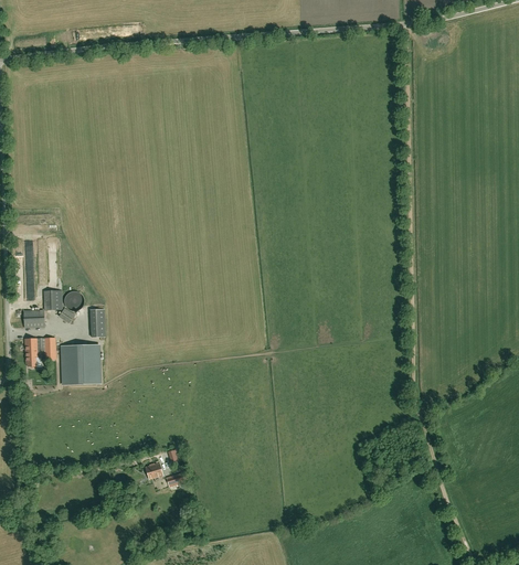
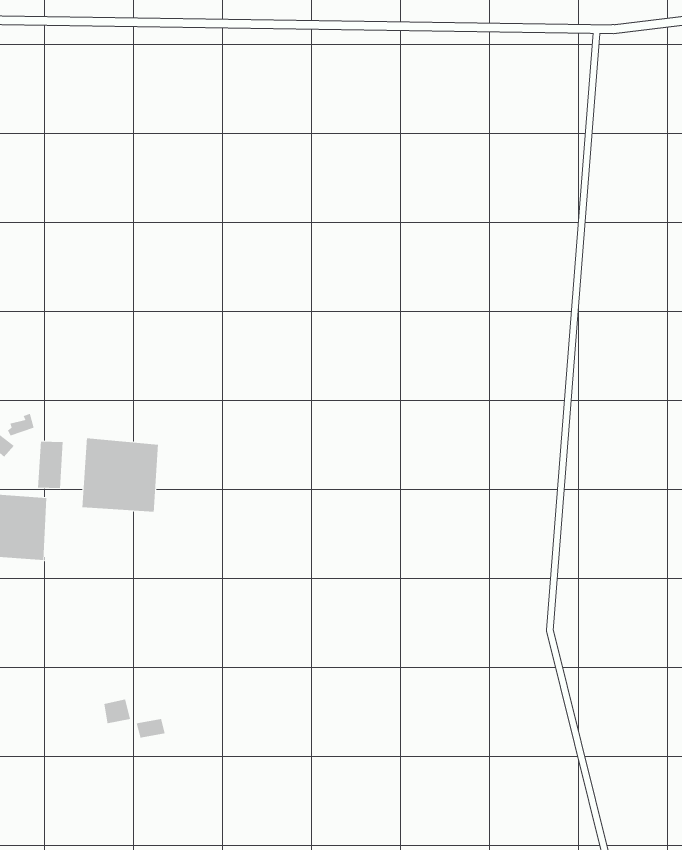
building: none -> [82,437,159,512]

